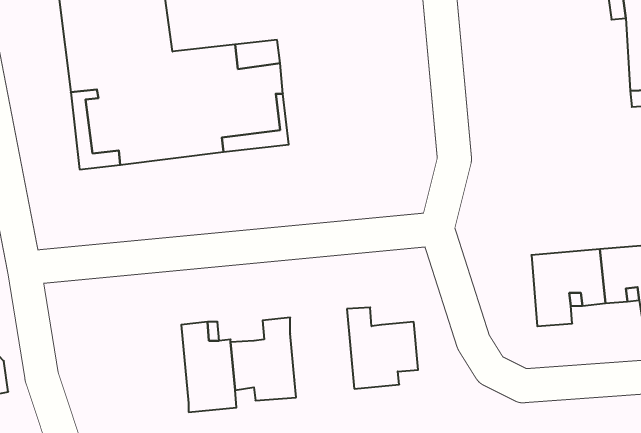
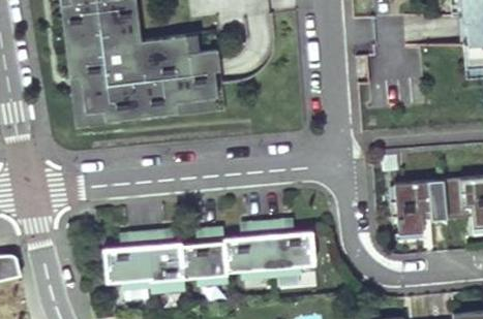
building: none -> [223,222,269,281]
building: none -> [103,233,151,292]

